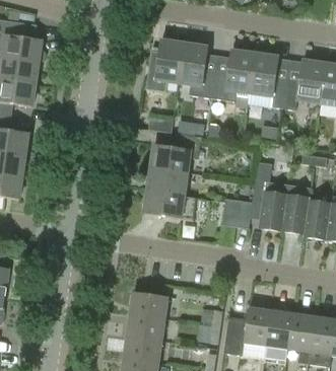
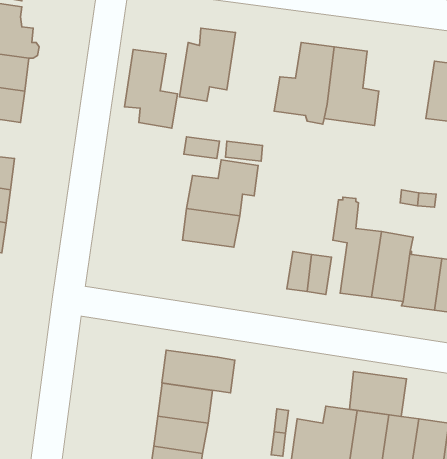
building: [179,43,216,98] -> [124,49,178,128]
building: [283,60,326,109] -> none
building: [144,190,196,220] -> [162,350,235,393]
building: none -> [350,371,407,416]

